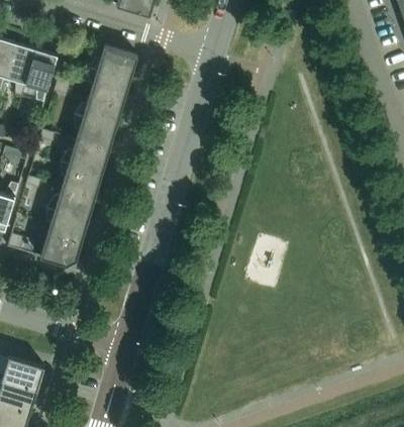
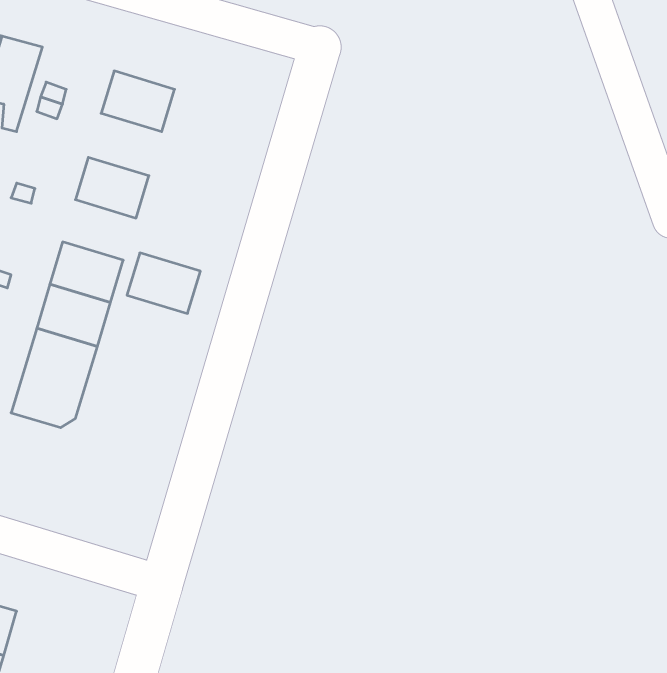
building: [97,45,137,79] -> none
building: [83,92,123,126] -> none
building: [69,139,109,173] -> [127,253,200,313]

